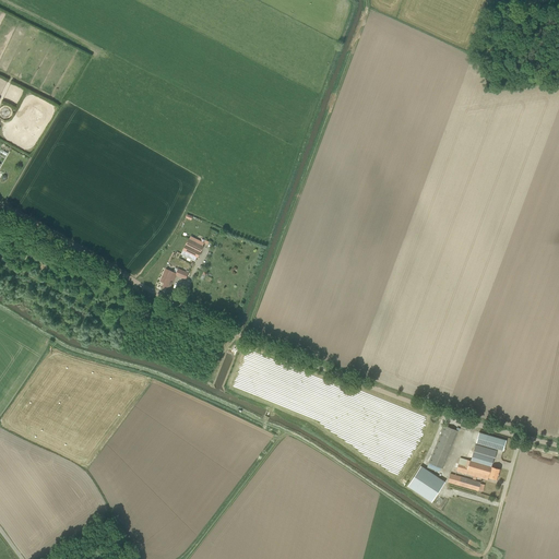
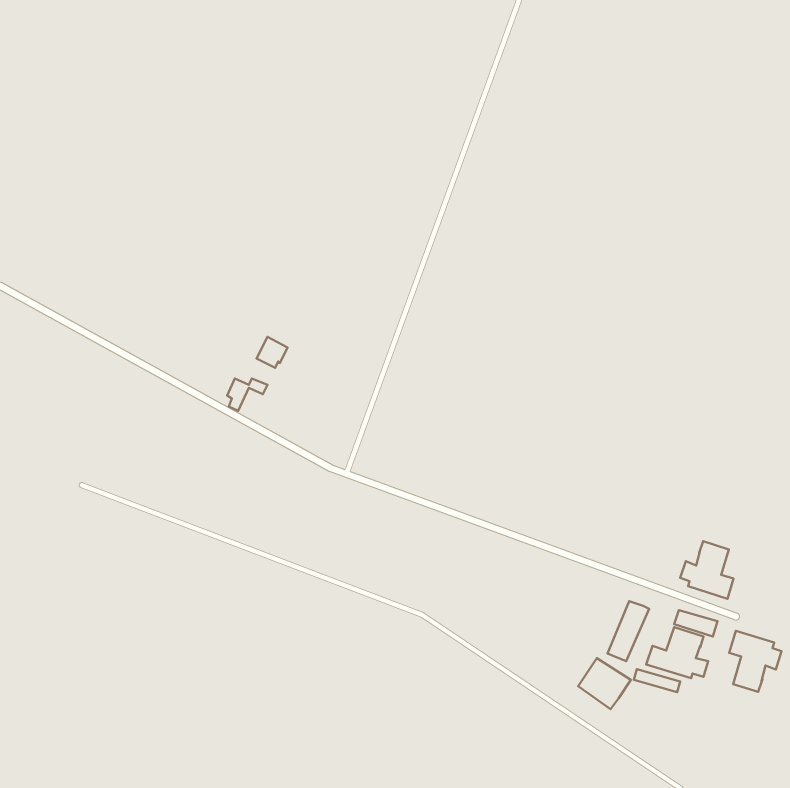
building: none -> [680,541,734,599]
building: none -> [729,631,782,692]

